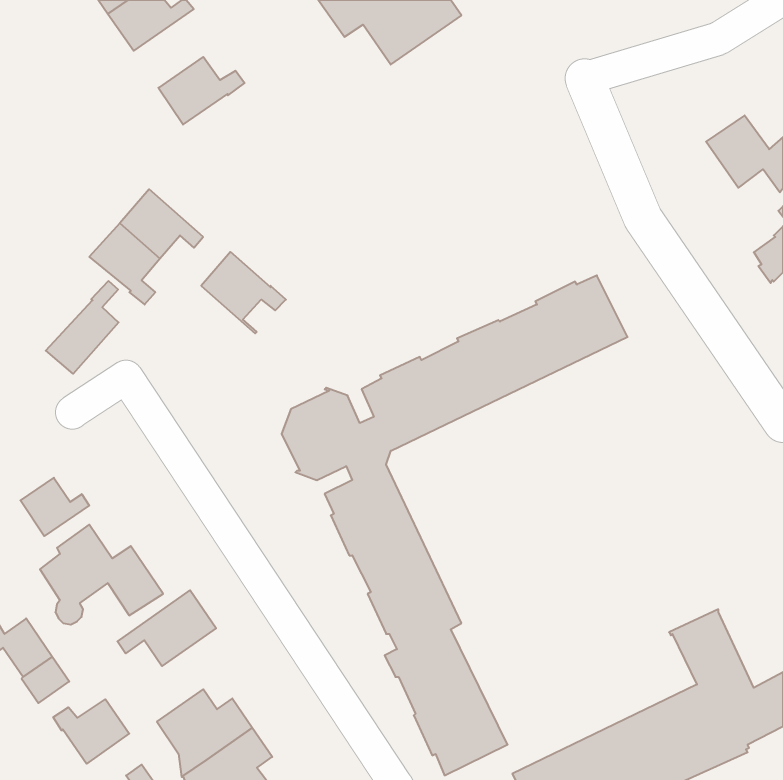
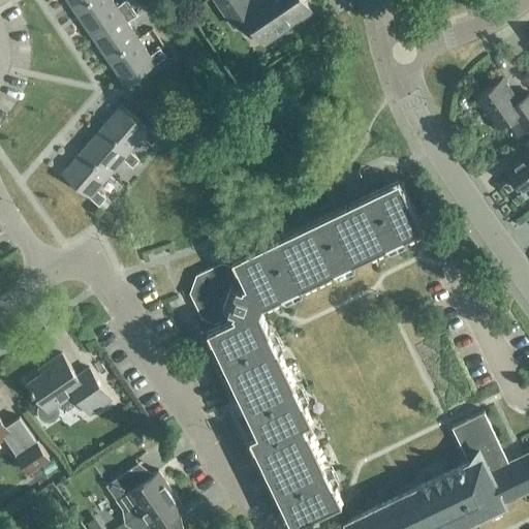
building: none -> [90,10,136,63]
building: [201,252,286,333] -> [100,108,157,163]
building: [46,281,119,374] -> none
building: [20,478,89,536] -> none
building: [117,590,216,666] -> none
building: [53,699,129,764] -> none

